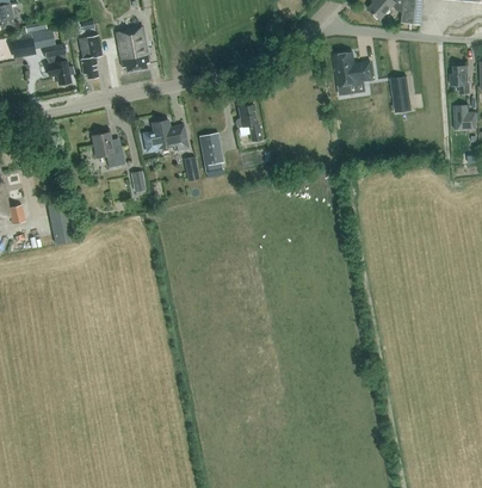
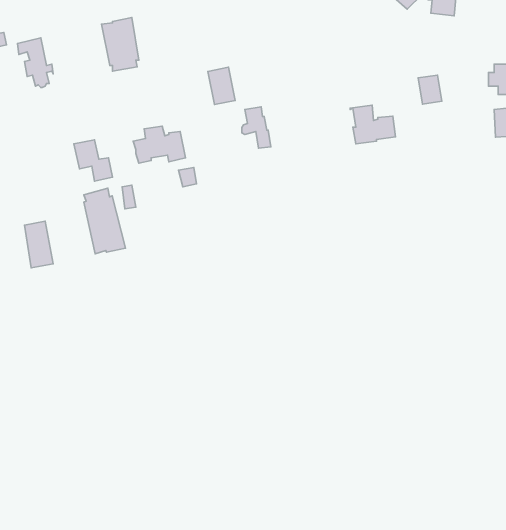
building: [78,35,100,79] -> none
building: [333,51,372,85] -> [350,105,396,144]
building: [199,132,223,165] -> [208,67,235,104]
building: none -> [84,188,125,254]

